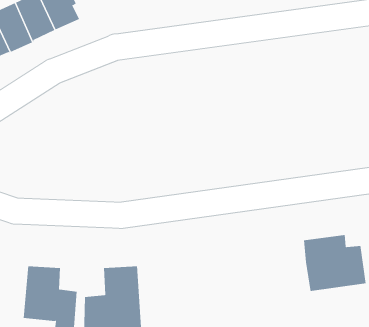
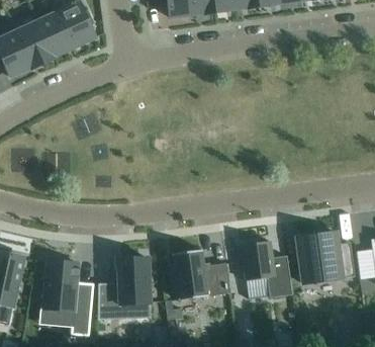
building: none -> [241,241,292,297]
building: none -> [172,249,229,299]

